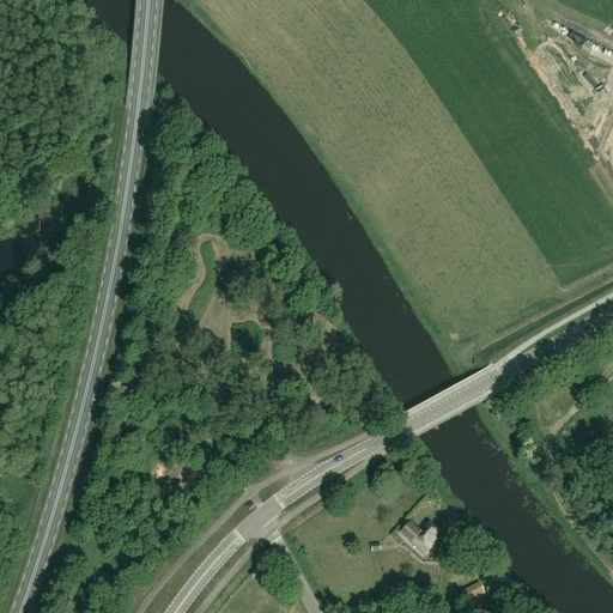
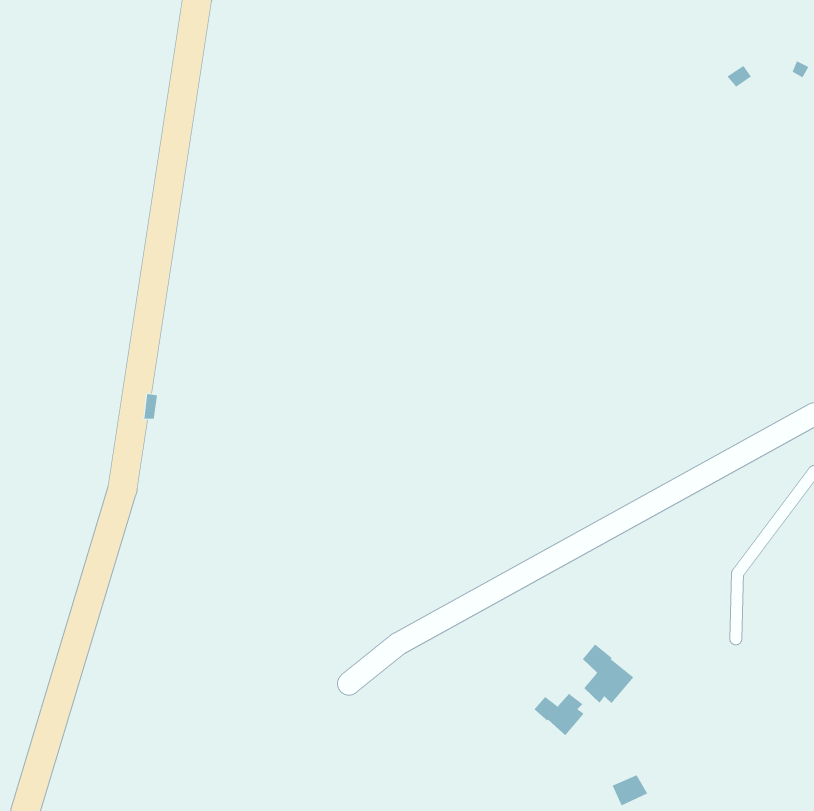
building: none -> [582,644,634,704]

